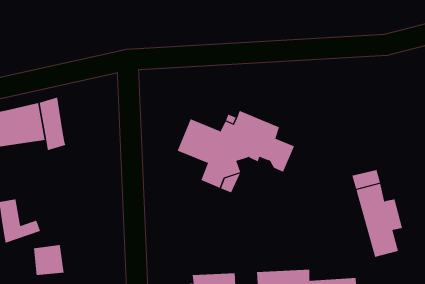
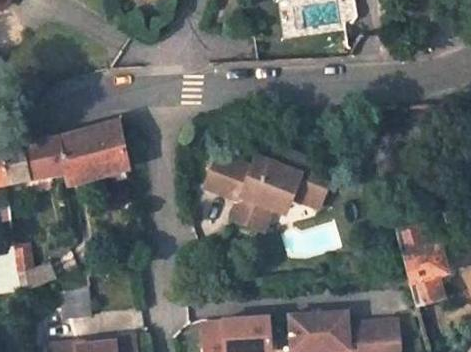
building: none -> [80,117,130,181]

